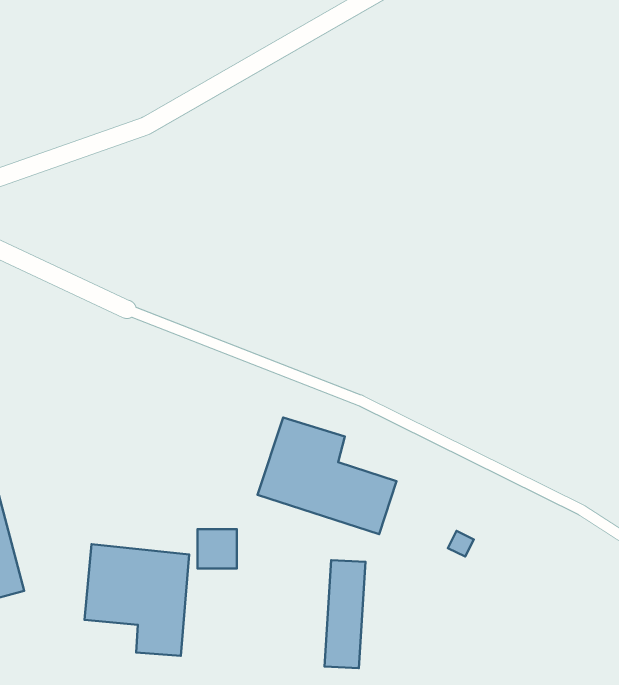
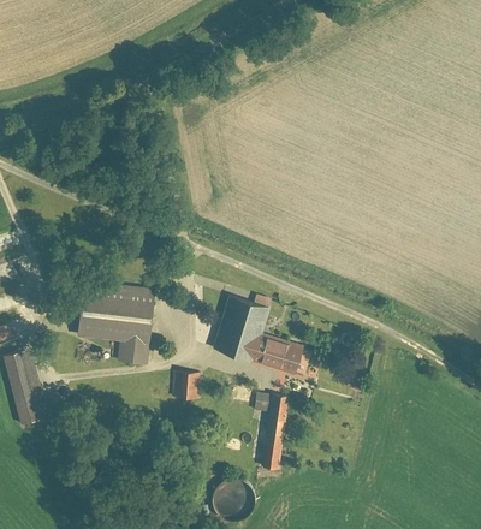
building: [85,544,189,656] -> [81,284,154,362]

